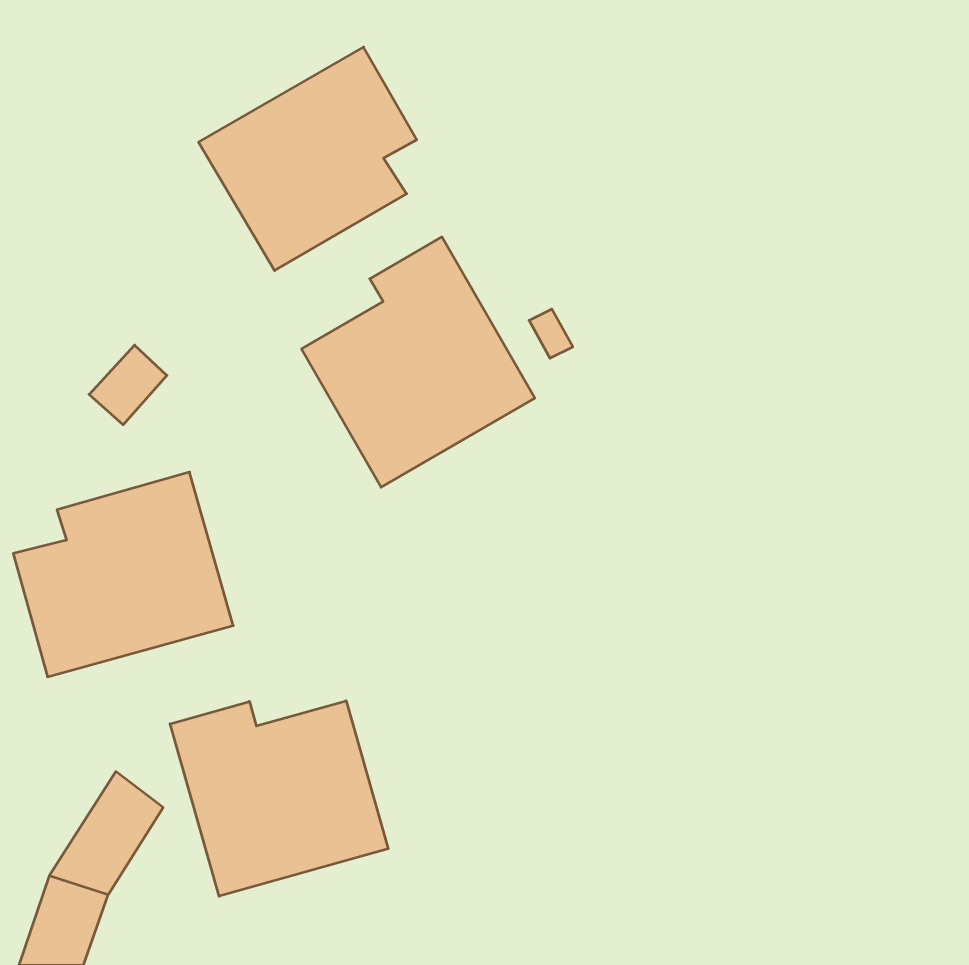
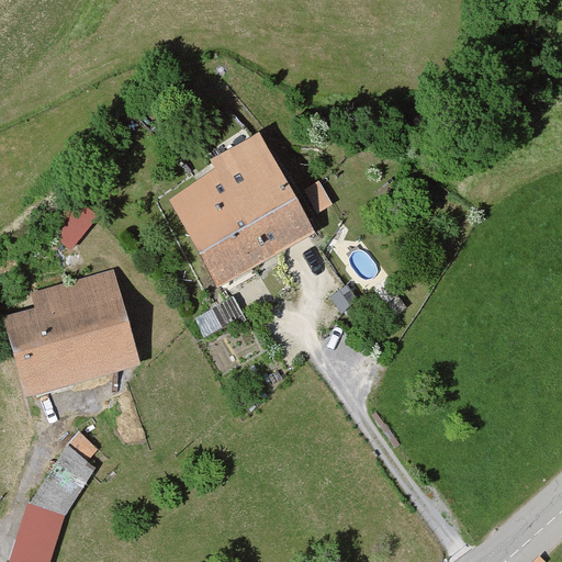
building: [199,47,417,271] -> none
building: [170,701,388,896] -> none

